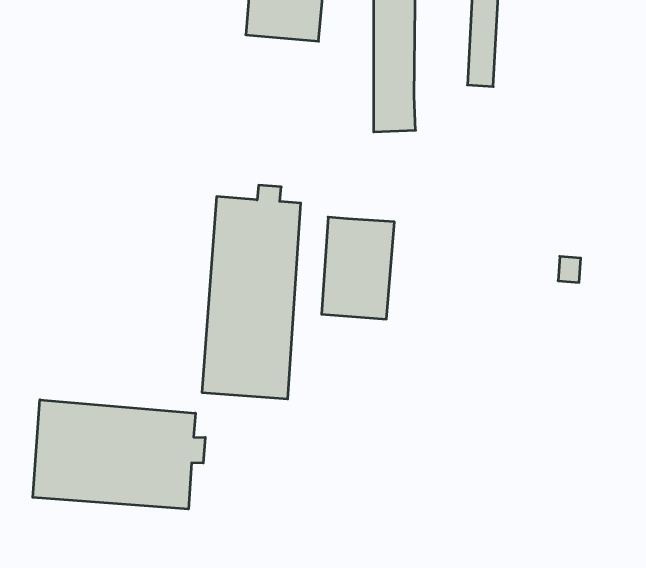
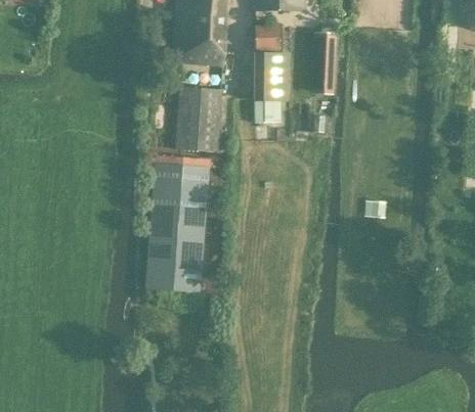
building: [322,217,394,319] -> [176,85,222,149]
building: [33,400,205,509] -> none

